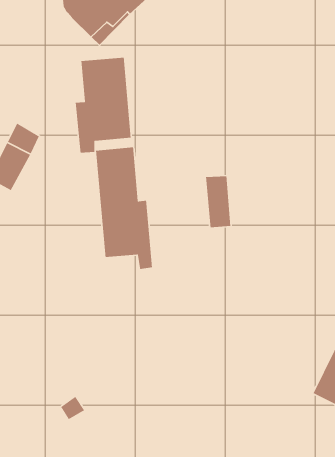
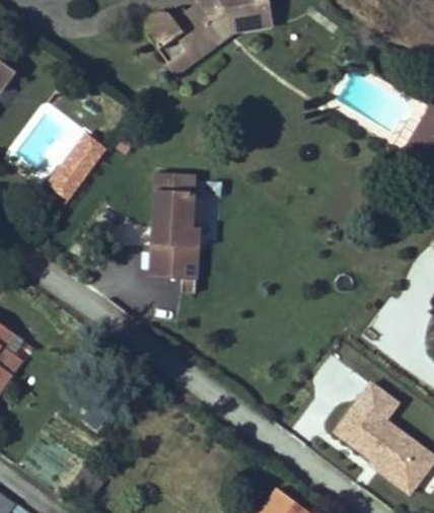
building: [75,57,132,153] -> none
building: [205,175,231,228] -> none

